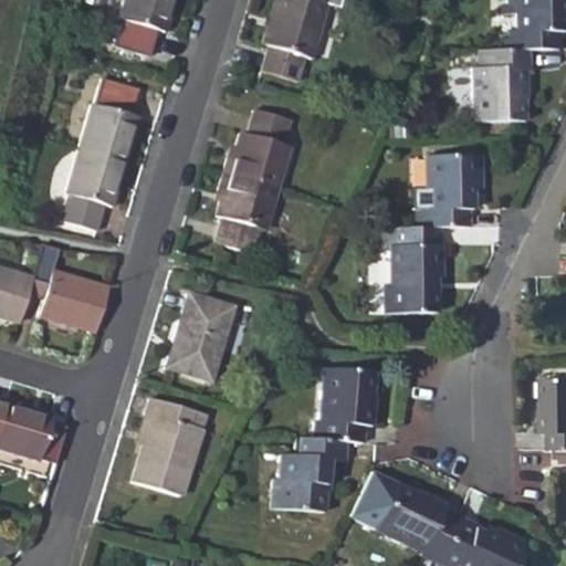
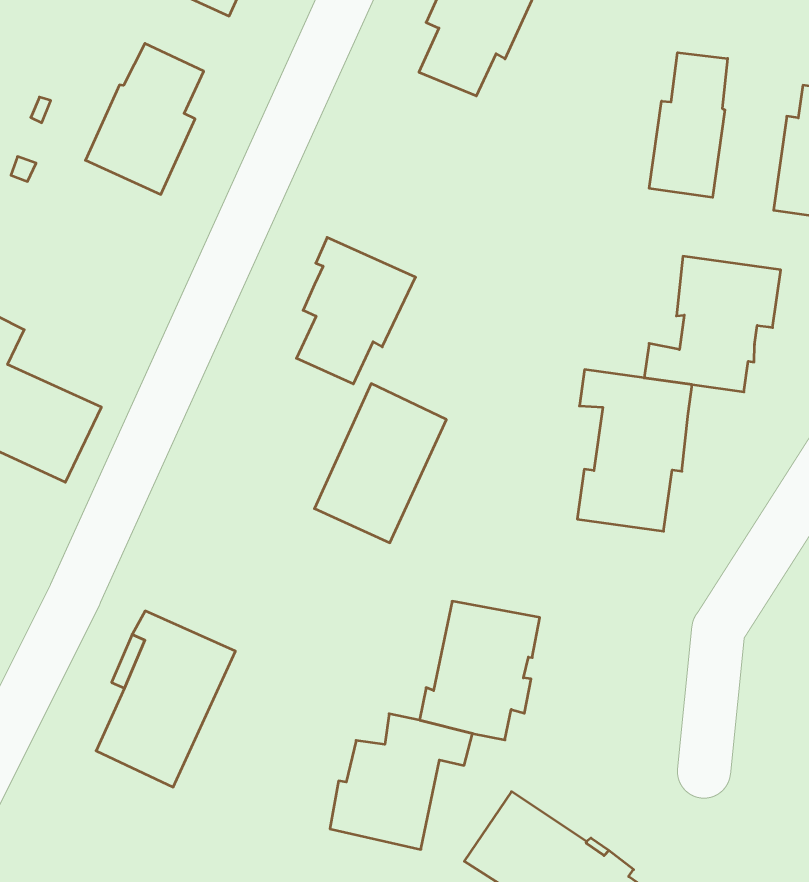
building: none -> [649,53,728,197]
building: [224,108,291,188] -> none
building: [63,148,127,230] -> none
building: [167,292,234,380] -> [314,384,446,543]

